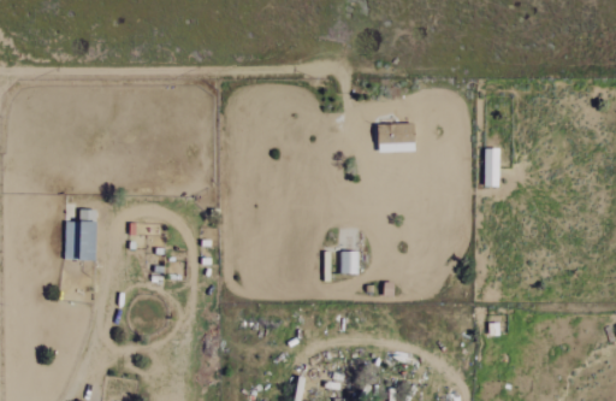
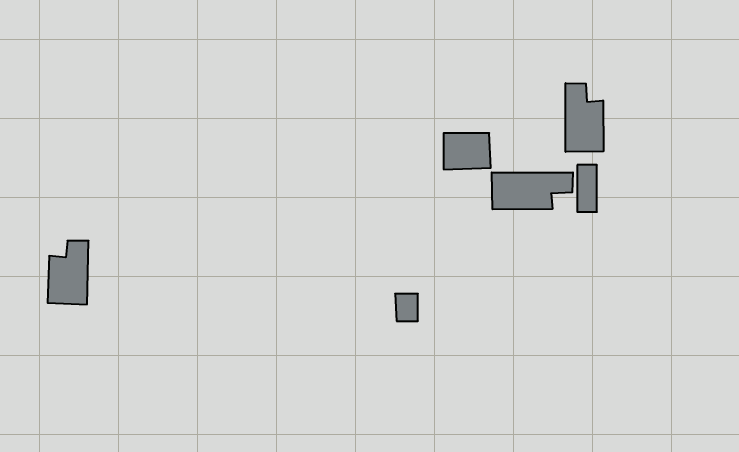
building: none -> [566,83,603,152]
building: none -> [492,172,573,209]

